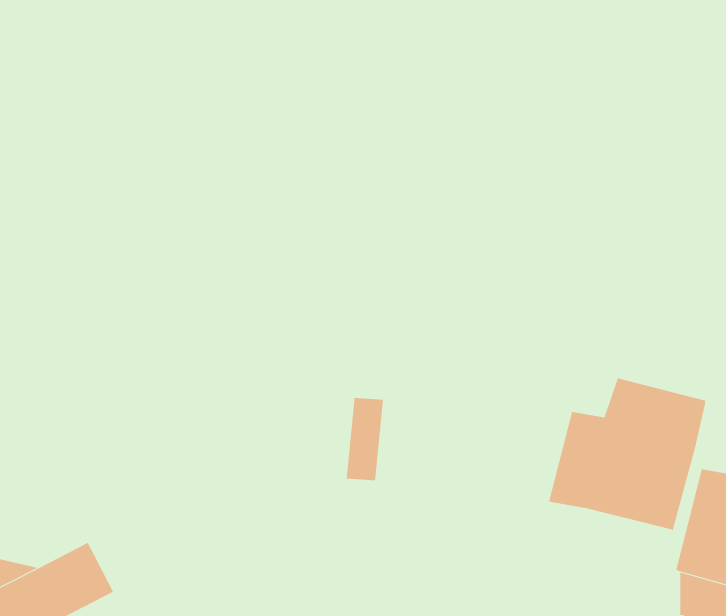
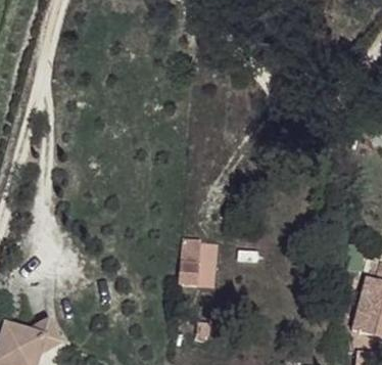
building: [548,378,706,530] -> none

